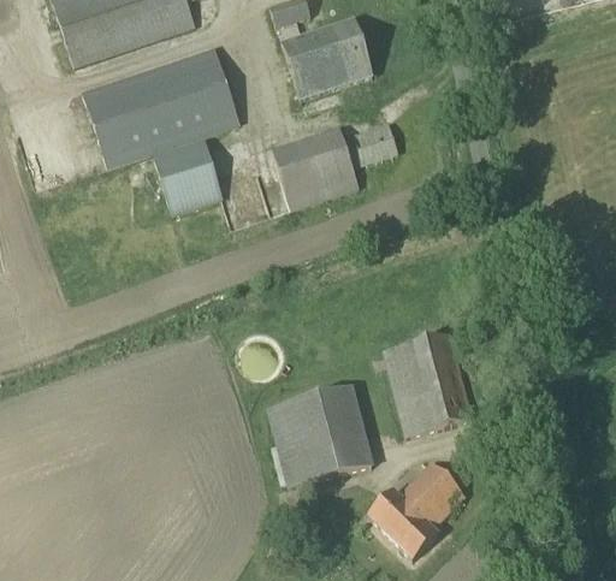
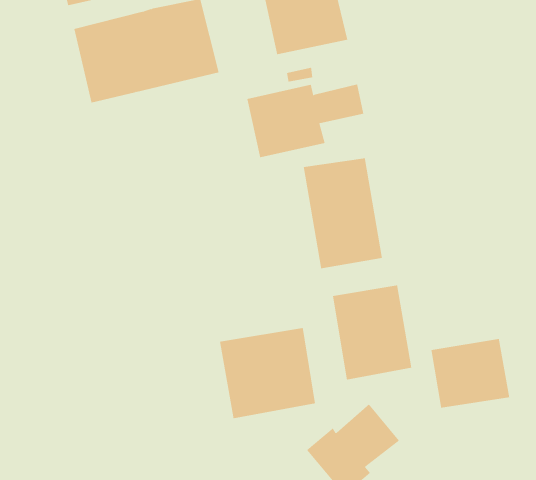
building: [153,140,224,215] -> none
building: none -> [303,157,382,269]
building: none -> [431,338,510,409]

